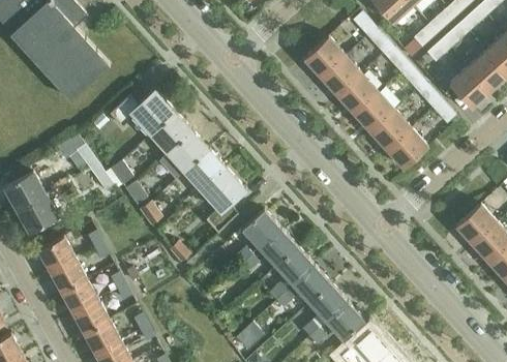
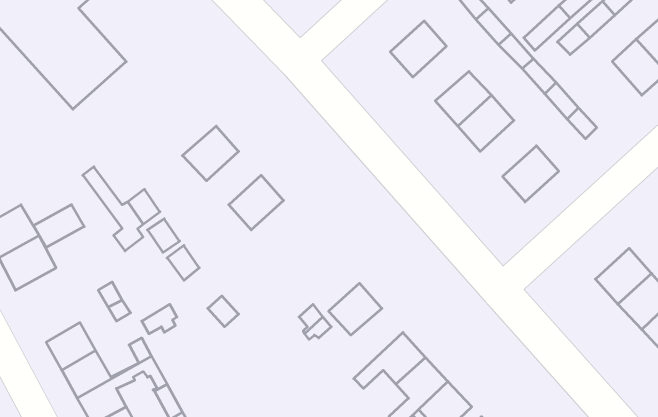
building: [320,55,361,95] -> none
building: [448,66,488,109] -> none
building: [110,91,175,135] -> none
building: [369,110,411,151] -> none
building: [168,132,208,172] -> none
building: [201,169,245,233] -> none
building: none -> [33,205,84,248]
building: [240,211,280,250] -> none
building: [37,237,74,273] -> none
building: [269,248,312,300] -> none

